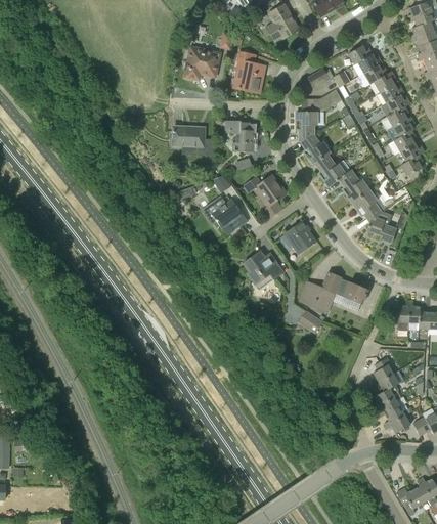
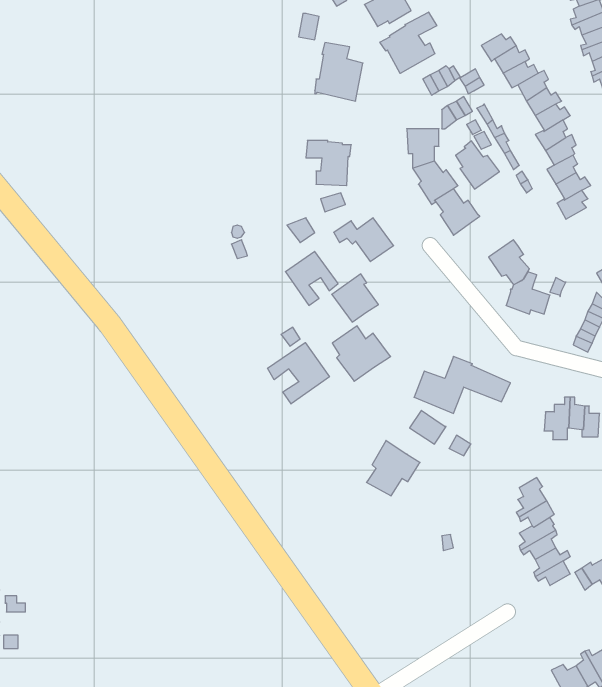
building: none -> [380,12,437,73]
building: [184,46,221,80] -> none
building: [173,127,205,148] -> none
building: [340,169,370,203] -> [456,141,499,189]
building: [285,220,317,254] -> [332,274,378,322]
building: none -> [268,343,329,404]
building: none -> [367,440,420,496]

